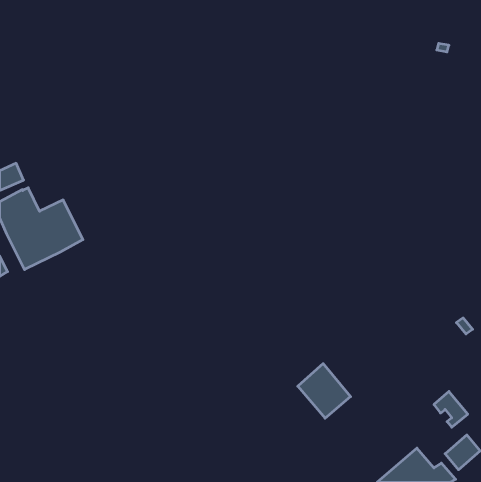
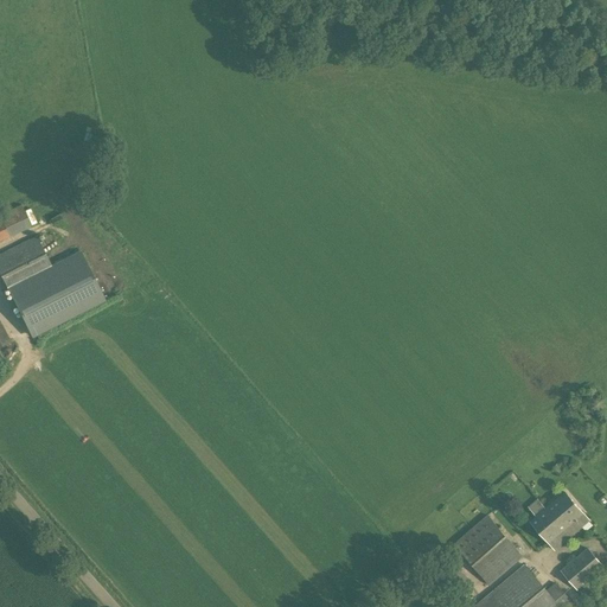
building: [298,364,351,418] -> [454,516,520,584]
building: none -> [530,509,568,550]

